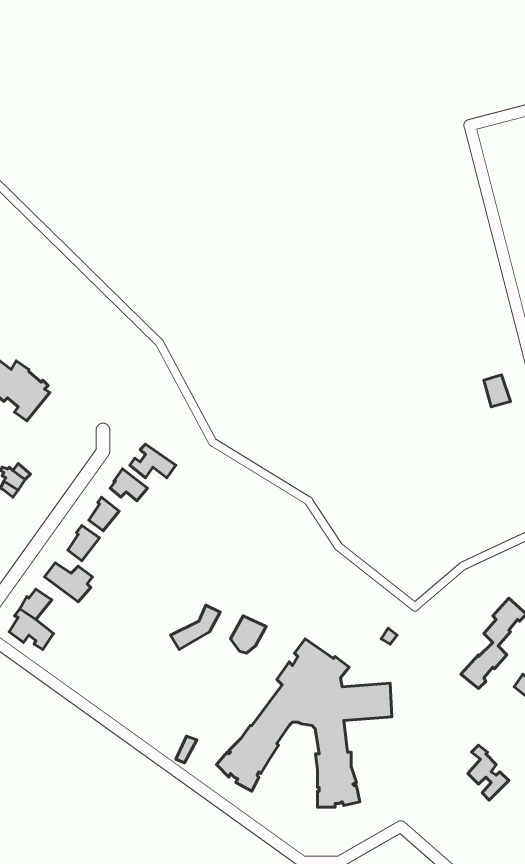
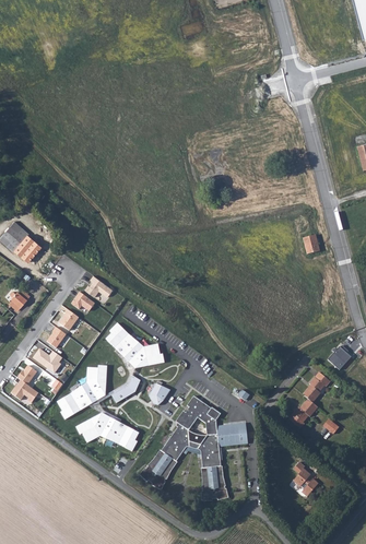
building: none -> [105,321,165,369]
building: none -> [56,365,108,419]
building: none -> [74,412,140,452]

